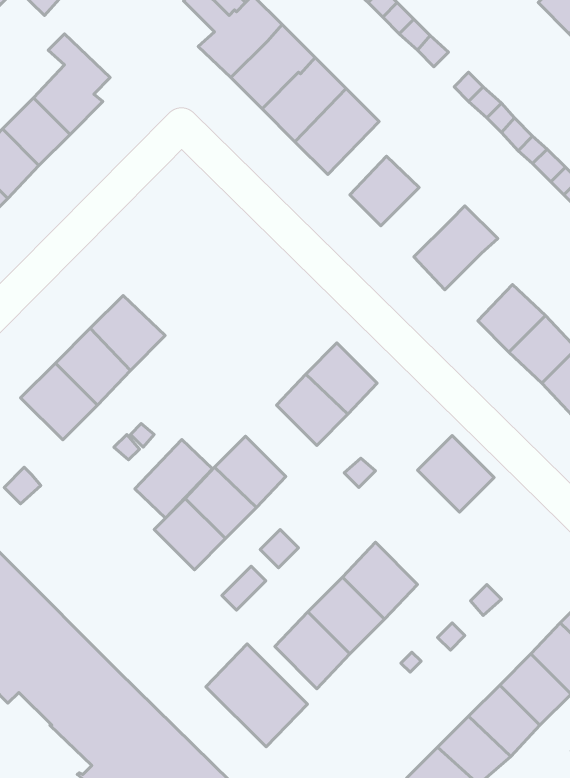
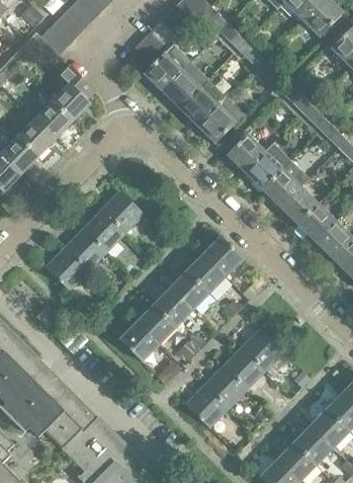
building: none -> [244,143,290,189]
building: none -> [279,187,317,225]
building: none -> [101,191,144,233]
building: none -> [169,271,208,311]
building: [417,435,494,512] -> [241,328,283,371]
building: [135,439,213,518] -> none
building: [206,644,308,747] -> none

